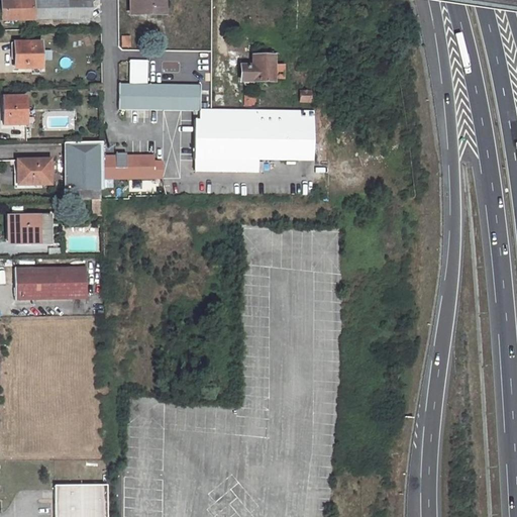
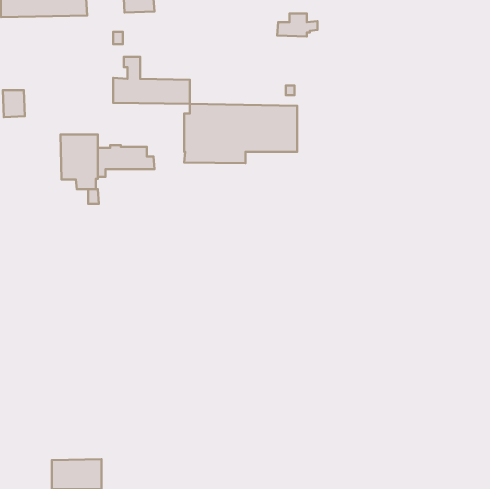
building: [14,40,42,67] -> none
building: [241,57,284,81] -> [277,13,317,37]
building: [17,159,50,185] -> none
building: [9,213,51,243] -> none
building: [14,267,87,299] -> none

